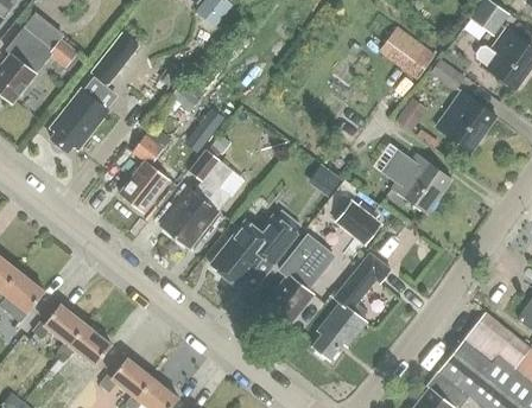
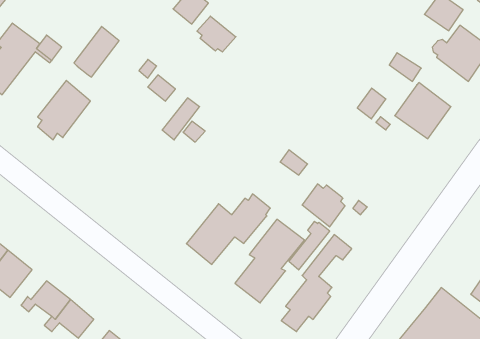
building: none -> [197,16,236,52]
building: [380,26,436,78] -> none
building: [119,125,170,210] -> none
building: [381,147,451,213] -> none
building: [162,148,230,247] -> none

